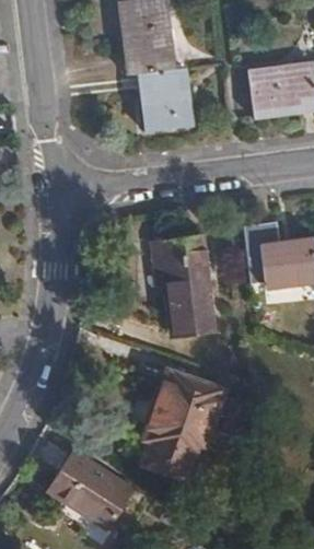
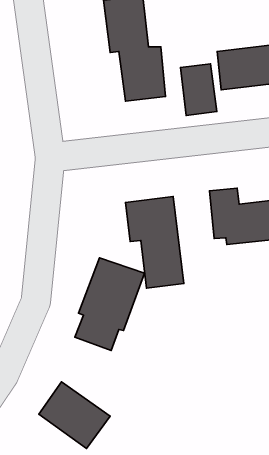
building: none -> [181,64,217,116]
building: [141,373,221,479] -> [75,258,144,351]

